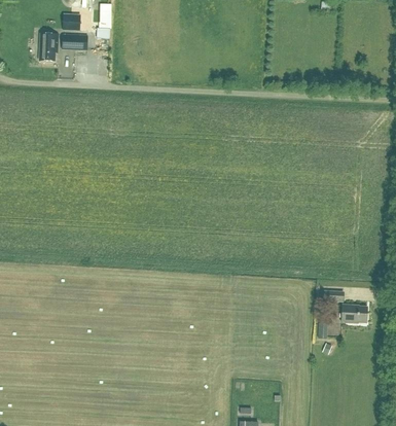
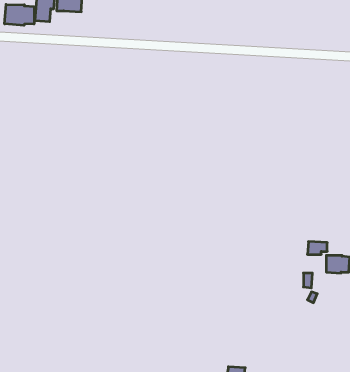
building: none -> [5,4,34,25]

